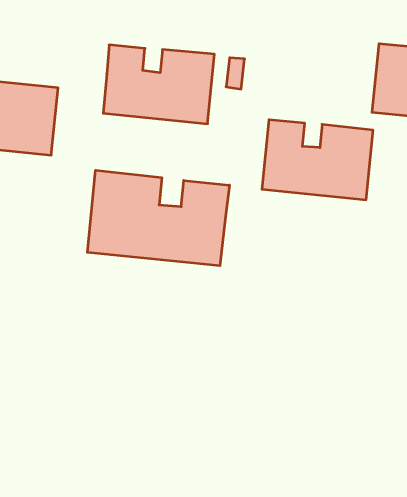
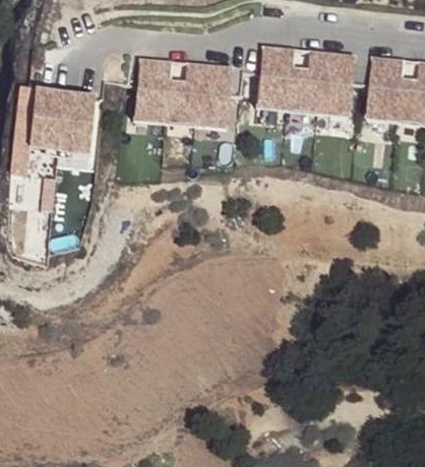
building: [262,120,373,200] -> [257,45,355,115]
building: [87,170,229,266] -> none

